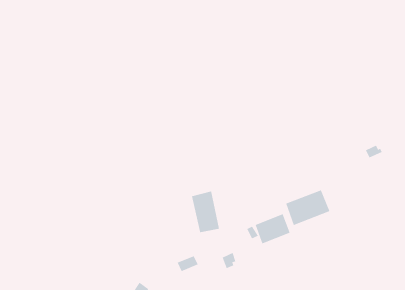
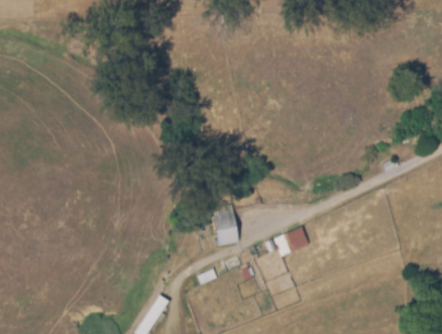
building: [285,189,330,226] -> none

